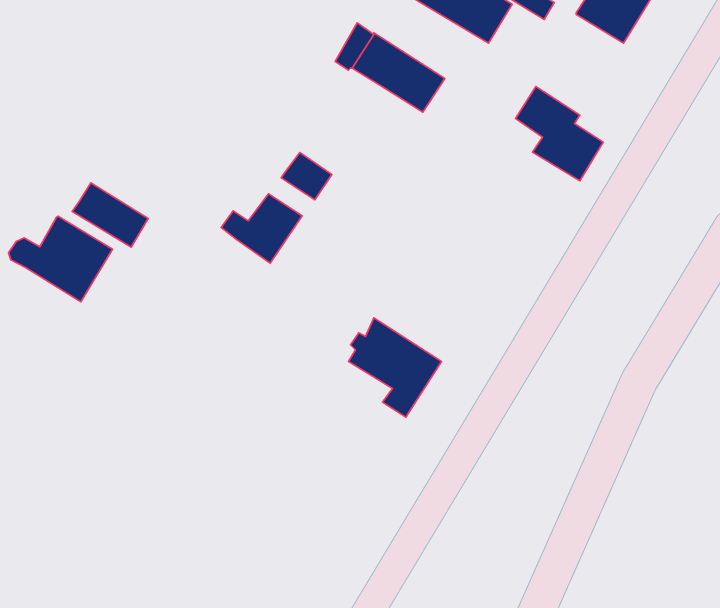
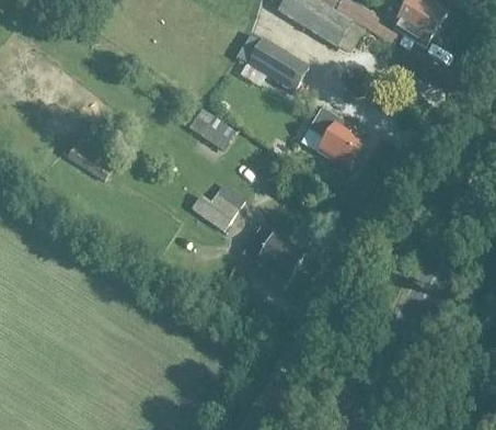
building: [516,87,603,181] -> [309,106,366,168]
building: [221,194,302,263] -> [193,184,245,229]
building: [9,216,112,302] -> none

